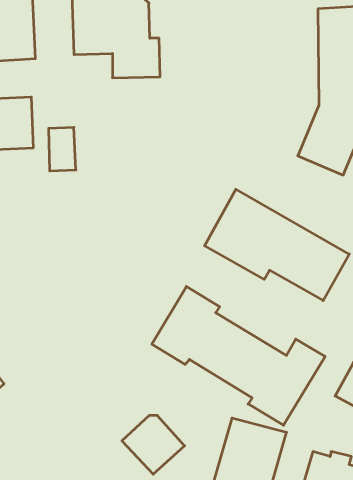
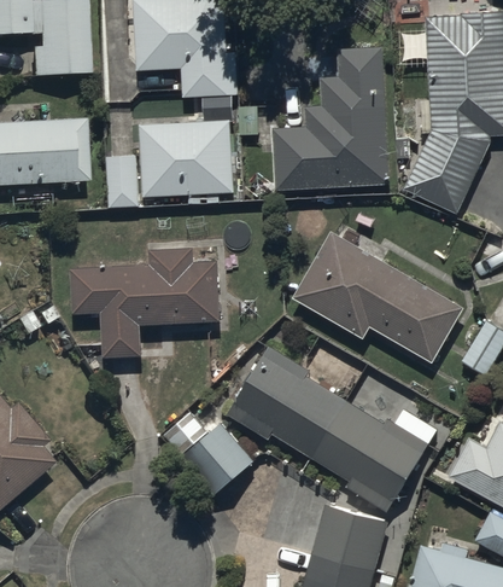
building: none -> [273,48,388,191]
building: none -> [139,120,235,197]
building: none -> [70,249,221,358]
building: [122,415,185,474] -> [179,423,253,493]

